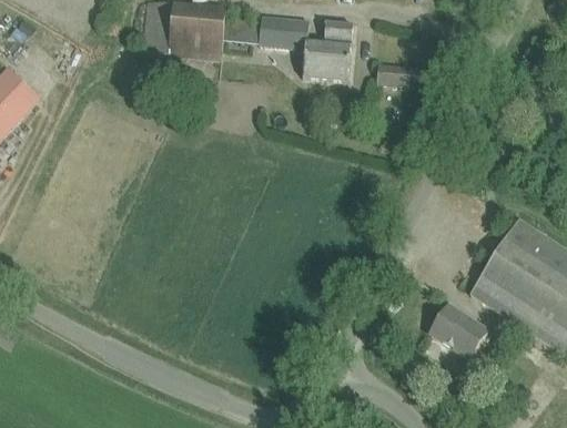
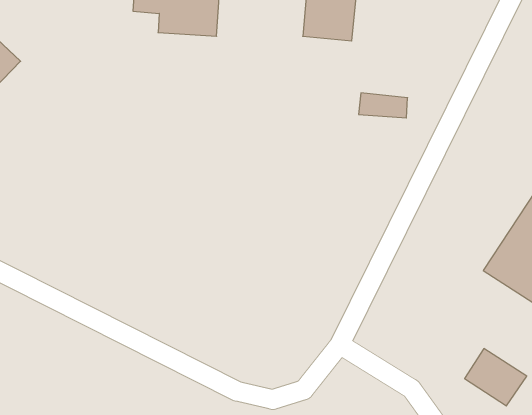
building: [377,63,423,86] -> [359,93,408,118]
building: [429,305,487,358] -> [465,349,527,406]

